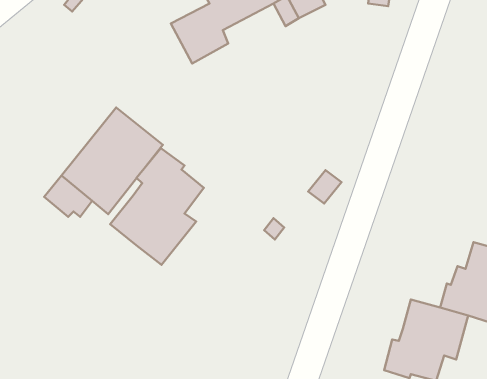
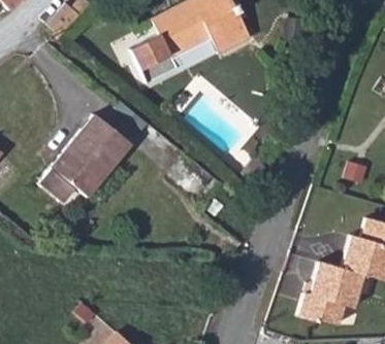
building: [110,148,204,265] -> none

